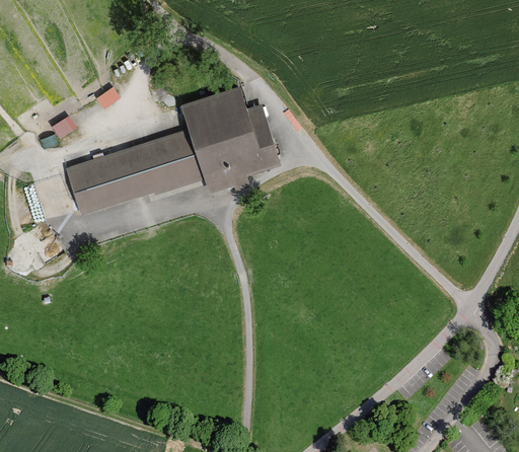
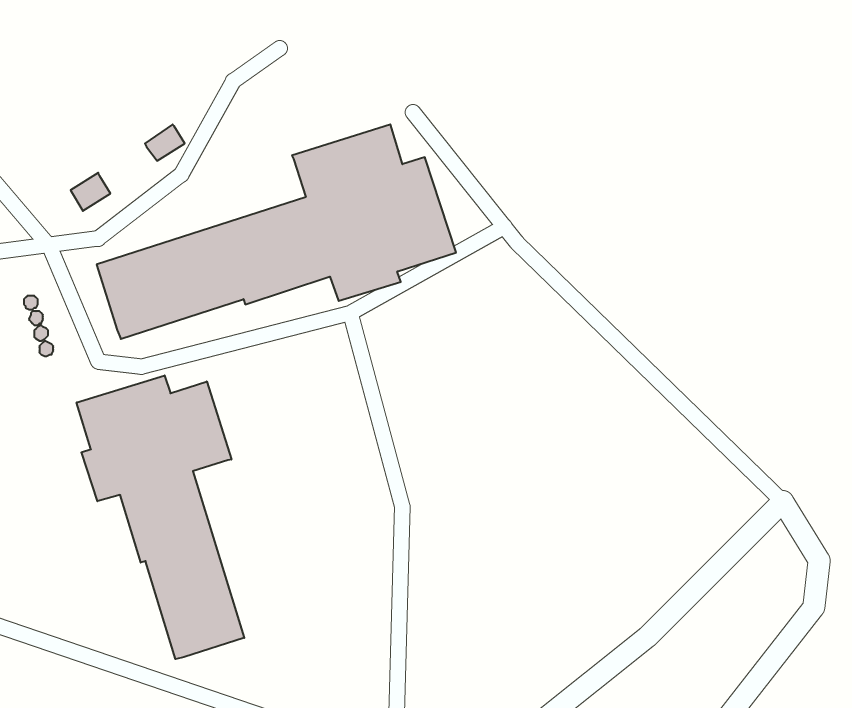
building: none -> [77,375,244,659]

